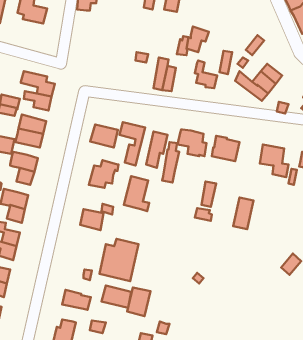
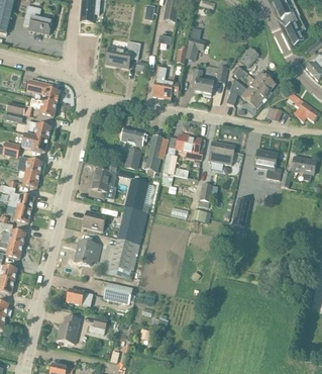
building: none -> [106,40,141,67]
building: [90,124,118,148] -> none
building: none -> [118,206,147,244]
building: none -> [76,241,100,265]
building: [127,287,150,316] -> none

